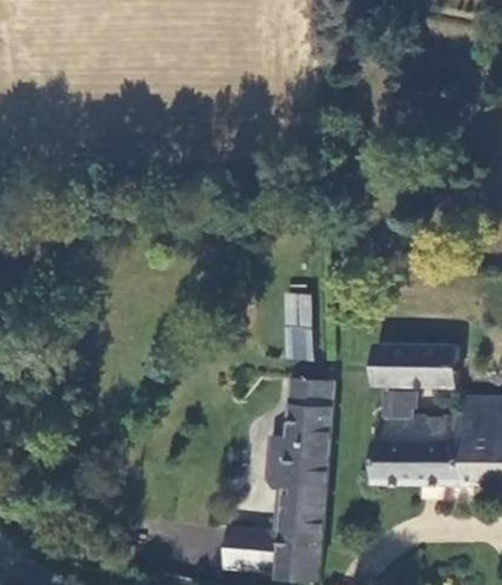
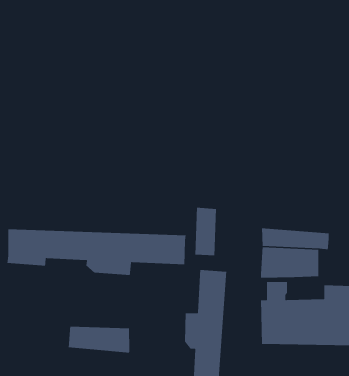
building: none -> [6,228,187,276]
building: none -> [68,326,130,354]

